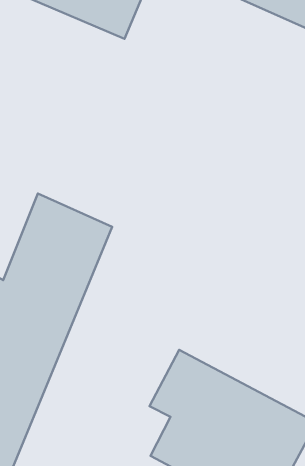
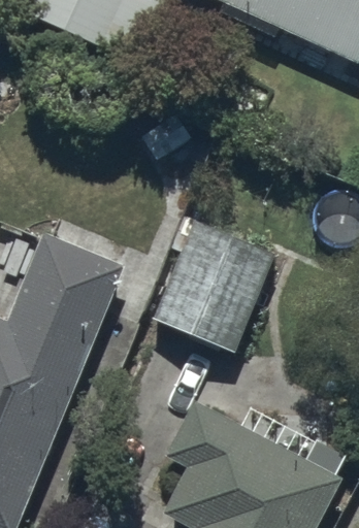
building: none -> [151,218,272,352]

